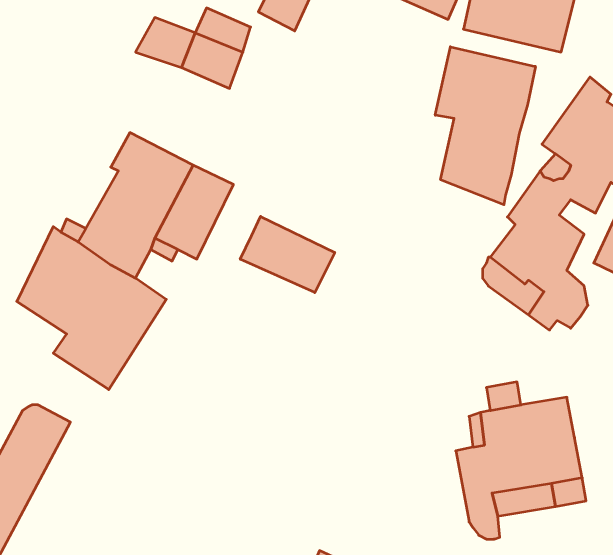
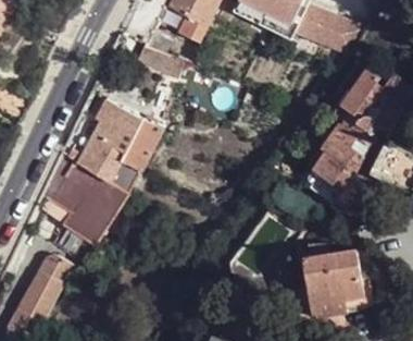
building: [435,47,535,205] -> none
building: [240,216,335,293] -> none

